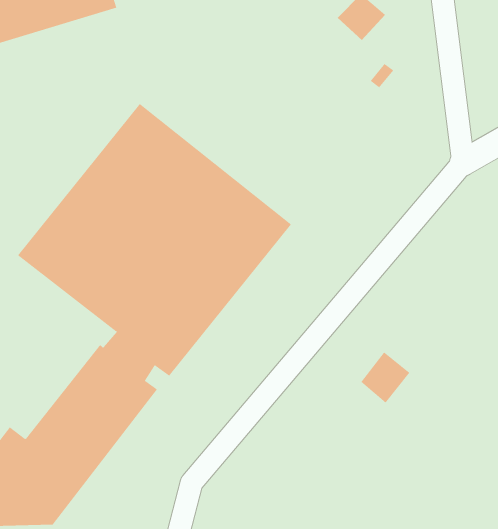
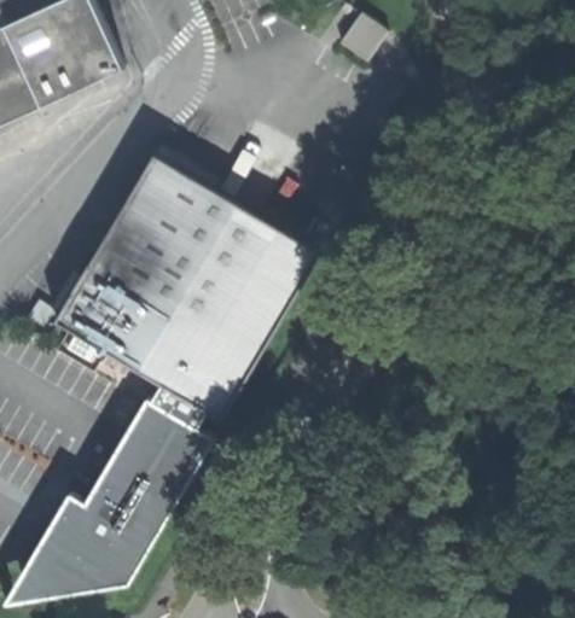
building: [361,352,410,404] -> none

